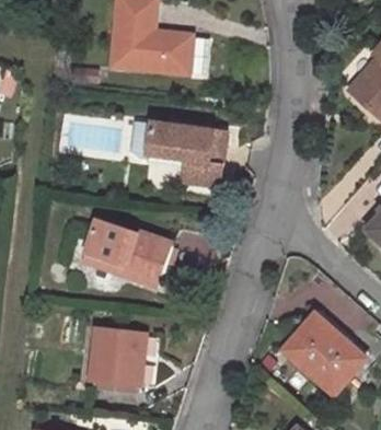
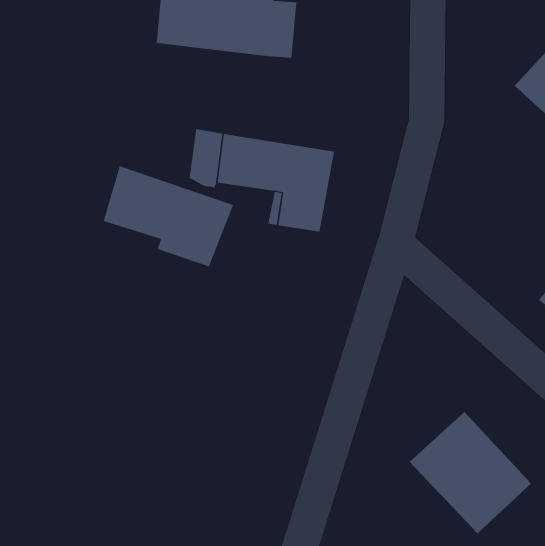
building: [85,217,173,284] -> [103,165,234,267]
building: [91,326,148,388] -> none

